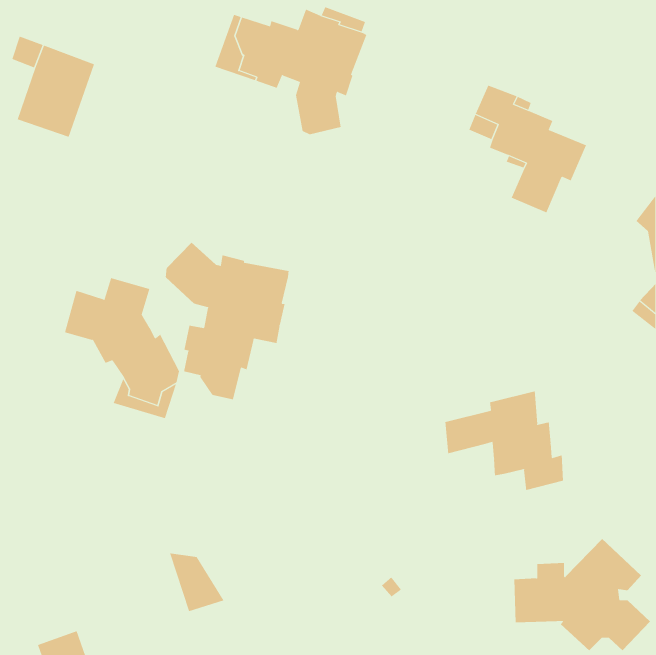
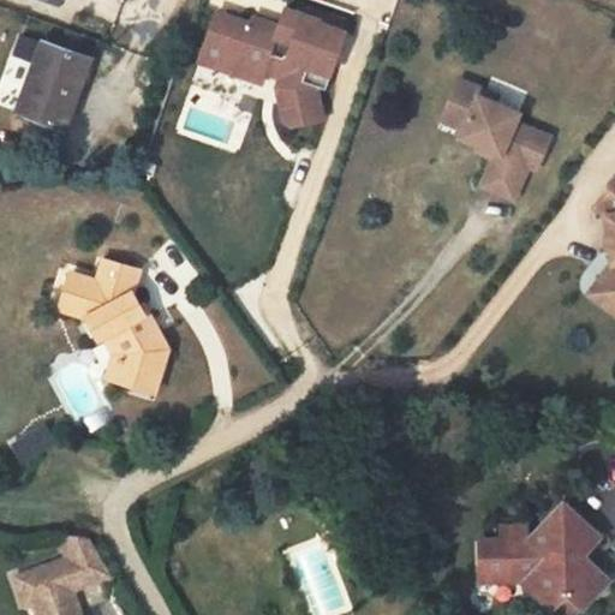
building: [165,242,289,400] -> none
building: [445,391,564,491] -> none
building: [169,553,225,612] -> [61,533,113,589]
building: none -> [18,563,72,607]

